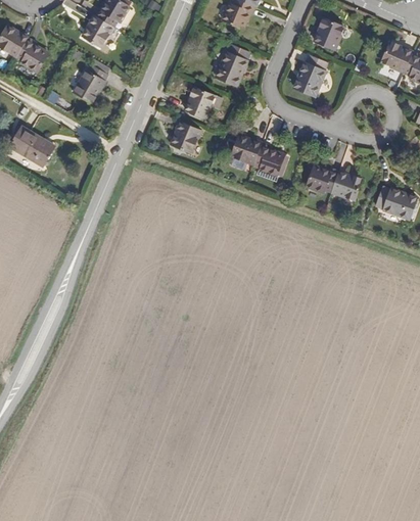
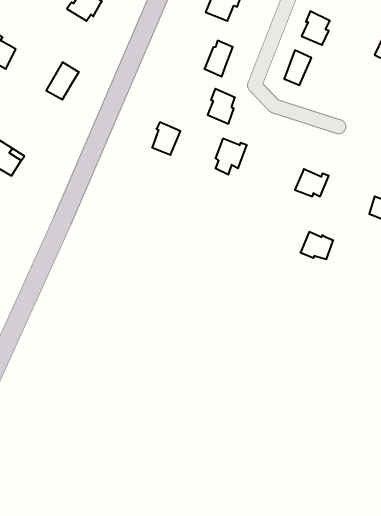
building: [83,14,112,47] -> none
building: [187,85,213,117] -> [208,89,235,124]
building: [254,142,286,174] -> none
building: [331,171,362,196] -> [300,232,333,259]

